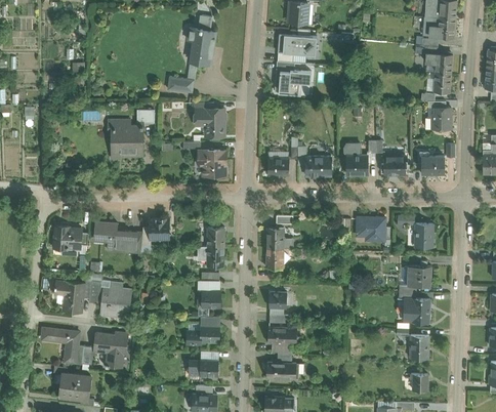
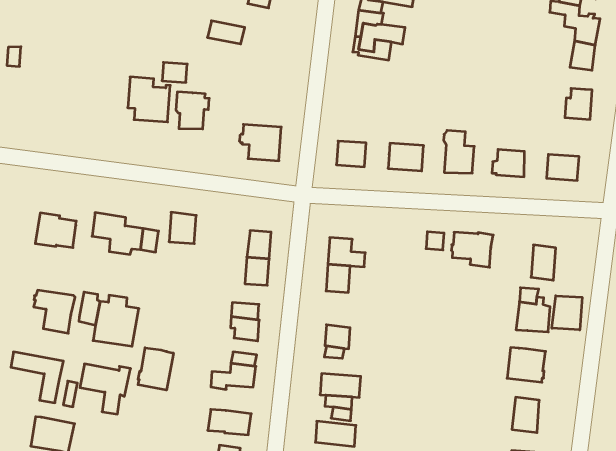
building: [202,110,225,136] -> [176,92,209,129]
building: none -> [552,296,582,330]
building: none -> [138,348,173,390]

